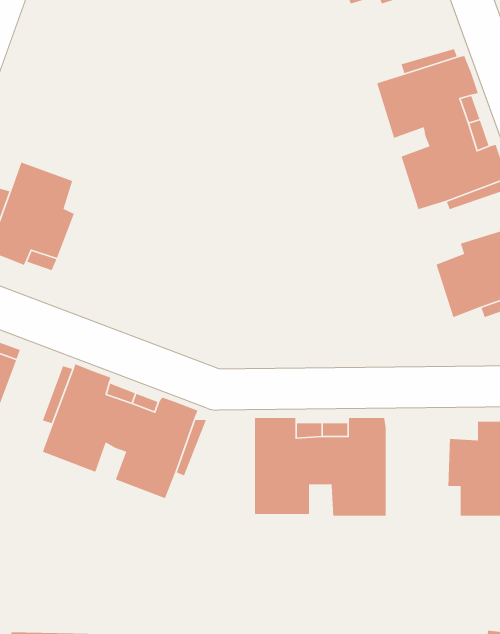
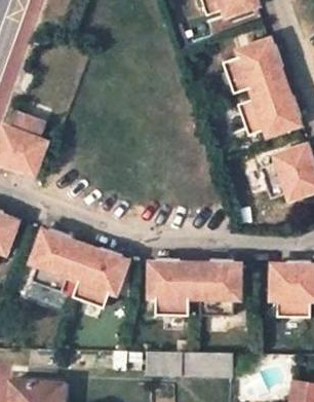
building: none -> [145,352,230,376]

